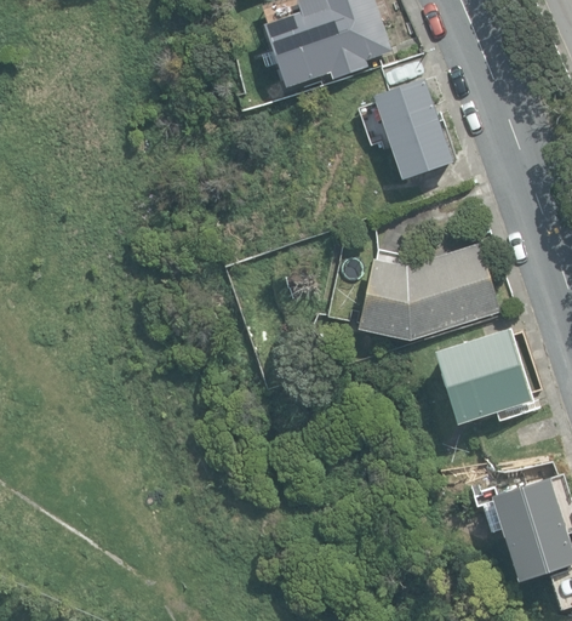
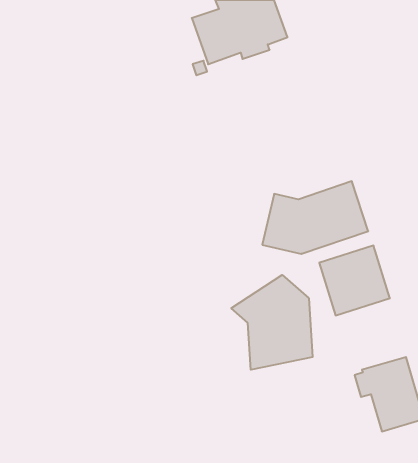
building: [374,80,452,180] -> none
building: none -> [231,275,313,370]

